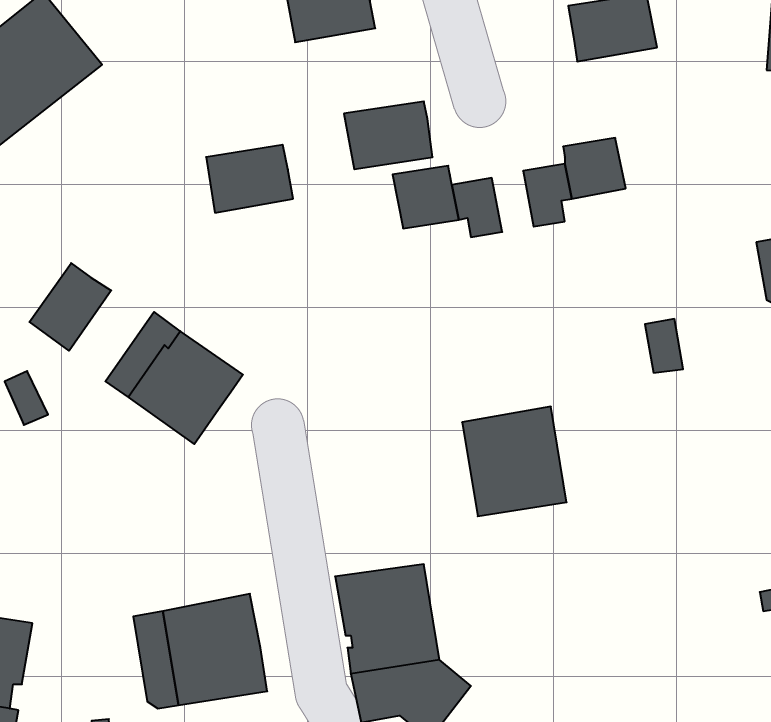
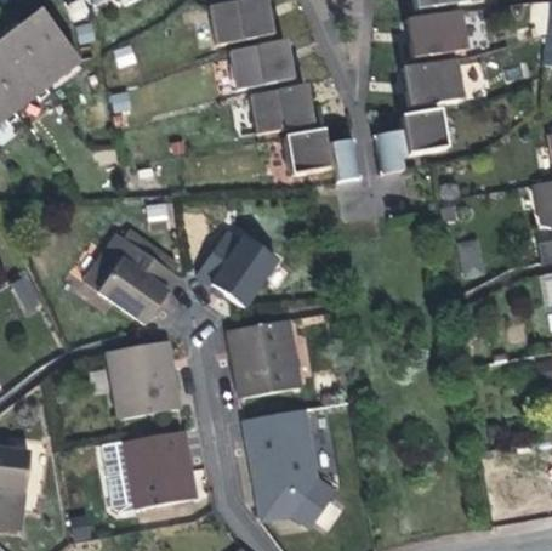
building: none -> [402,58,462,106]
building: [206,145,293,213] -> [229,41,290,89]
building: [29,263,111,351] -> none
building: none -> [197,231,278,306]
building: [462,407,567,516] -> [228,319,301,396]
building: none -> [107,340,180,417]

